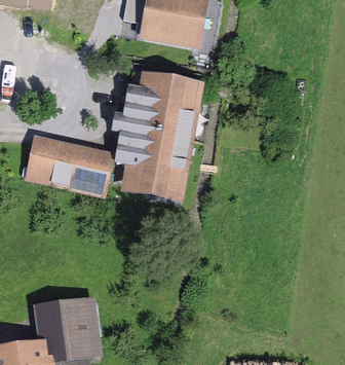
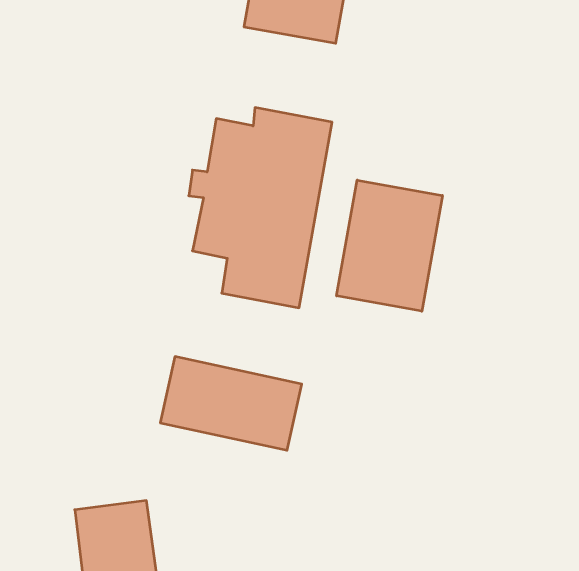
building: none -> [337,180,442,311]
building: [31,138,110,190] -> [160,357,302,450]

